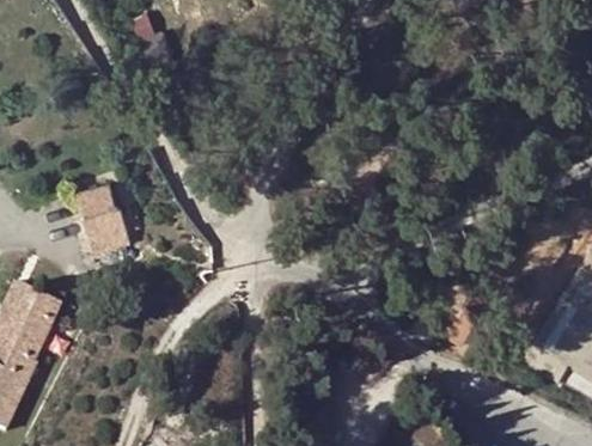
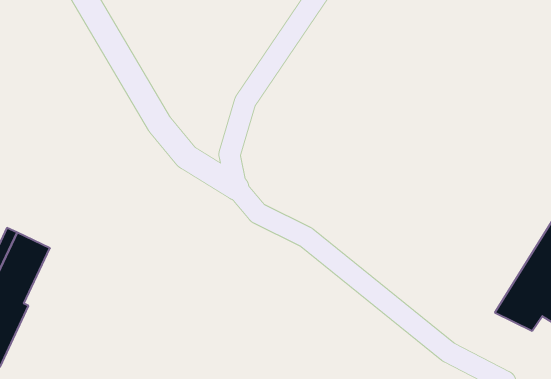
building: [78,183,130,252] -> none

